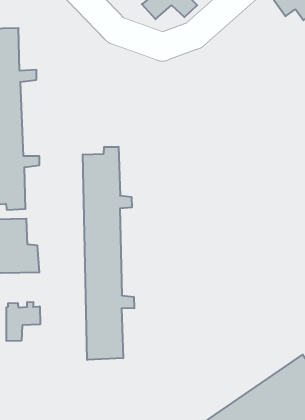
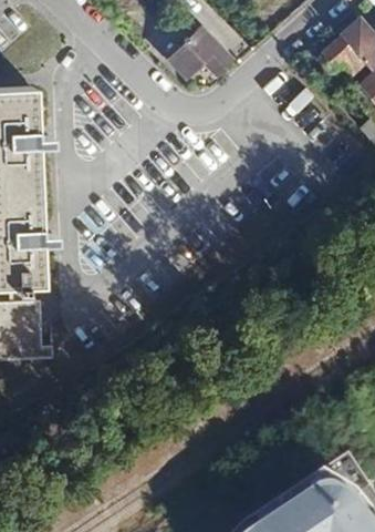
building: [83,147,134,360] -> none
building: [6,302,40,341] -> none

